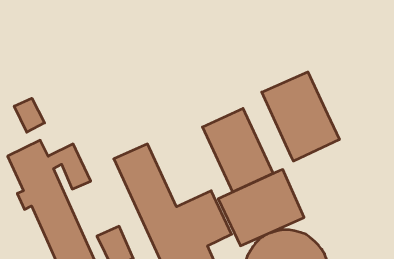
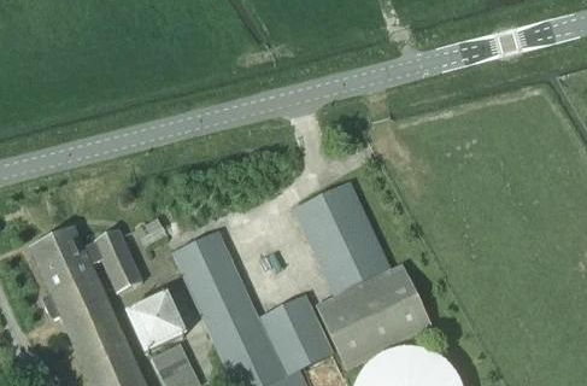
building: [262,72,339,161] -> none
building: [14,98,45,132] -> none
building: none -> [124,292,186,352]

